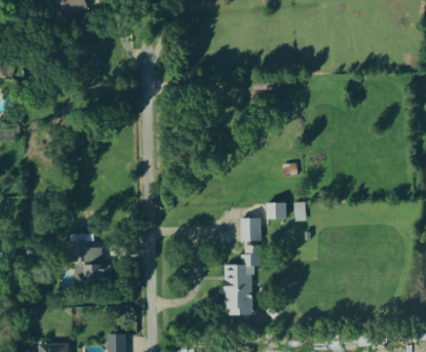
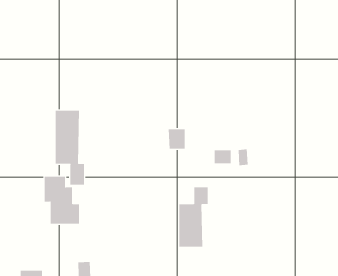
building: none -> [55,110,85,186]
building: [240,219,261,242] -> [168,129,186,149]

